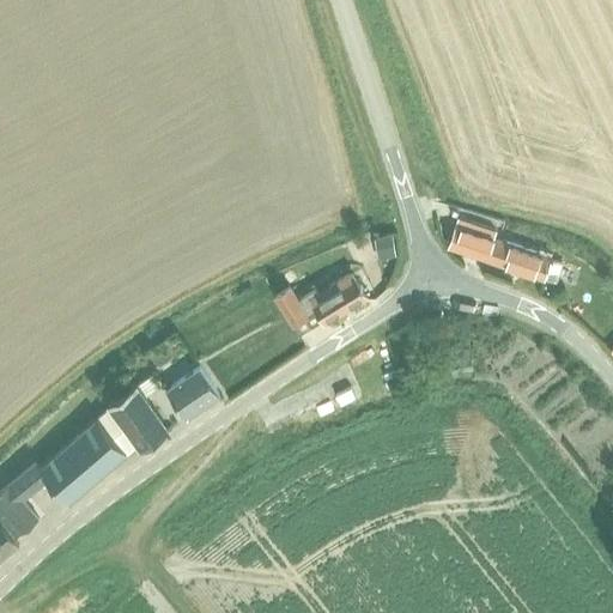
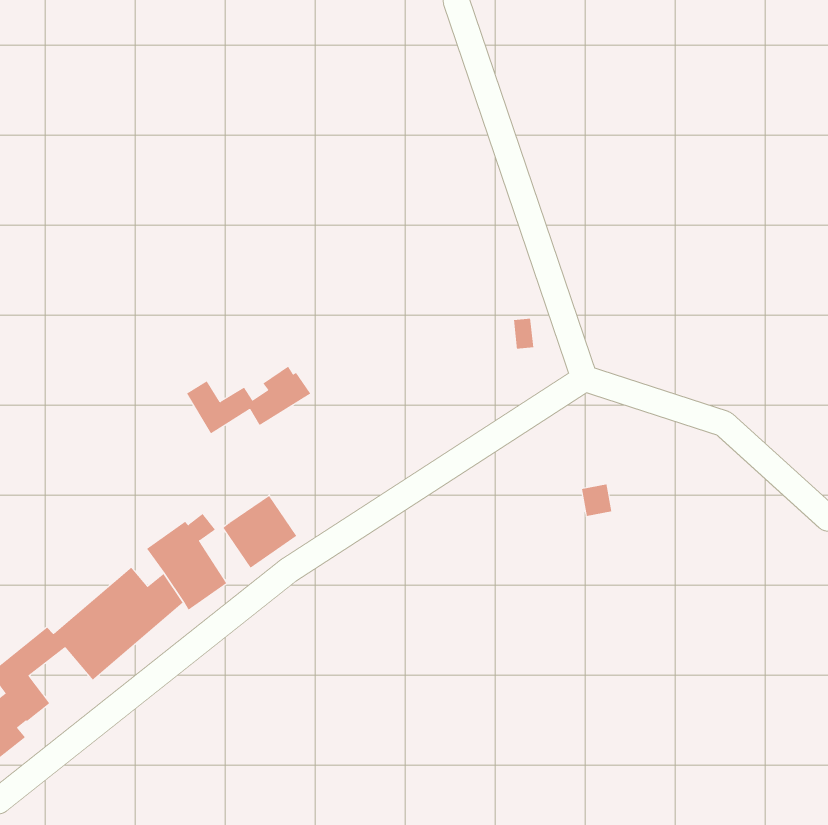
building: [445,221,562,286] -> none
building: [273,278,365,328] -> [186,366,311,434]

